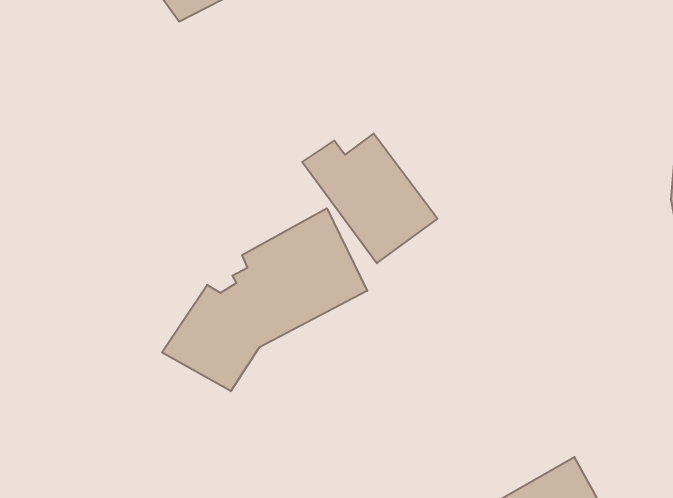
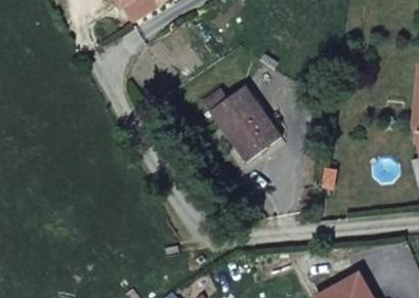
building: [162,208,367,391] -> none

